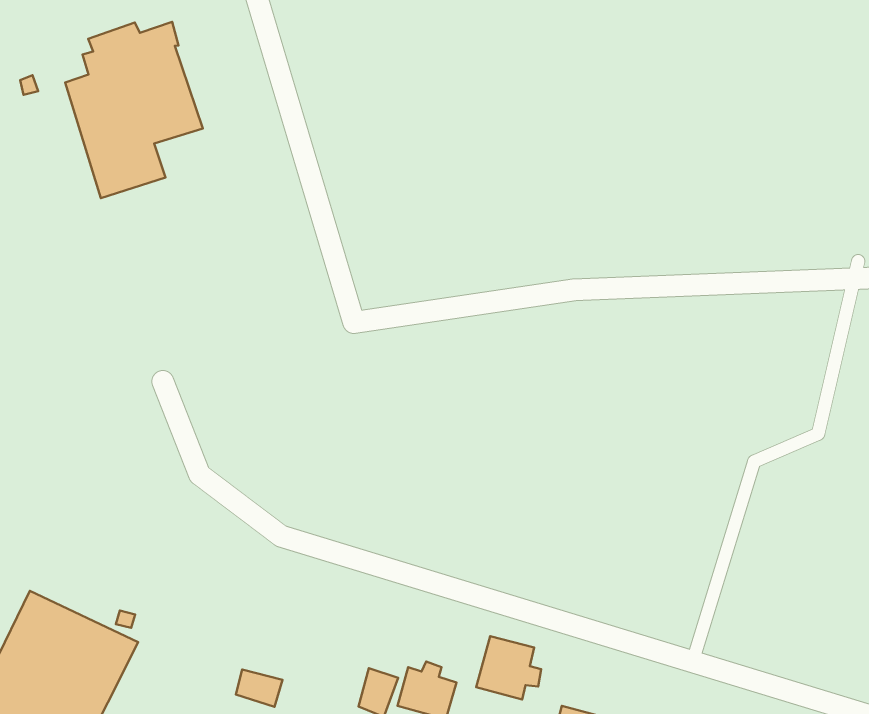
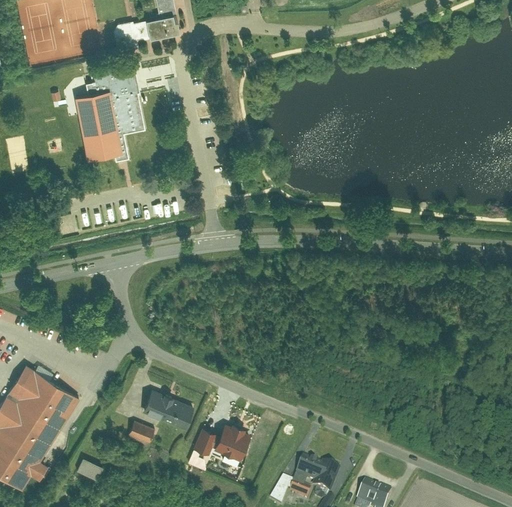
building: none -> [143,389,196,430]
building: [476,636,541,700] -> none

